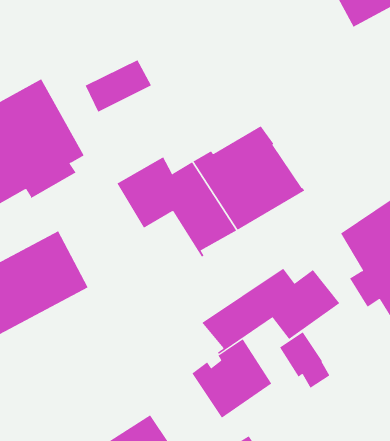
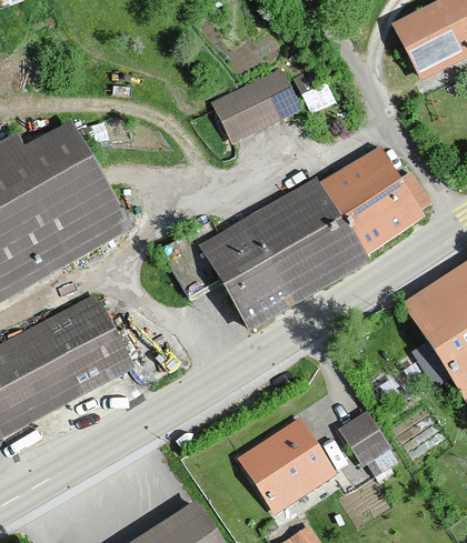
building: [85,60,152,113] -> [219,76,294,134]
building: none -> [326,150,428,252]
building: [201,268,340,355] -> none

